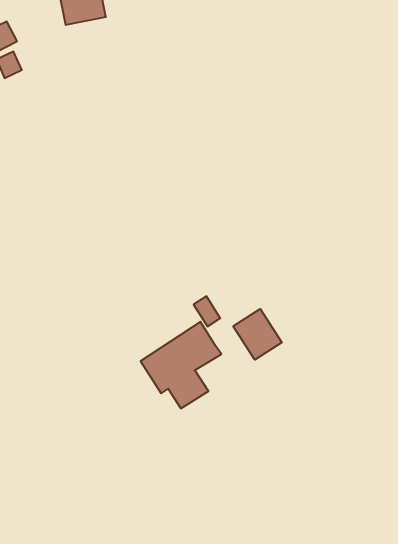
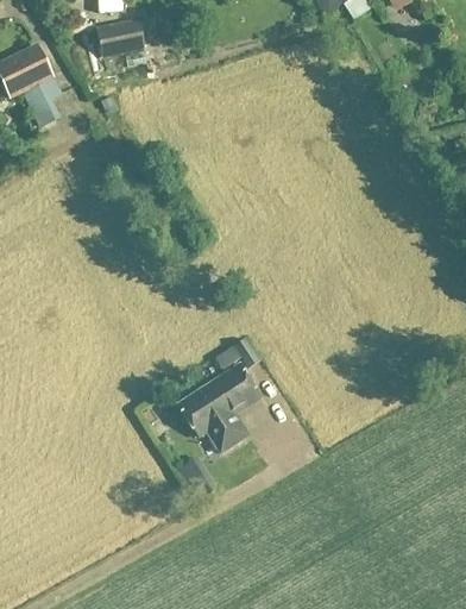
building: [233,309,282,360] -> none

